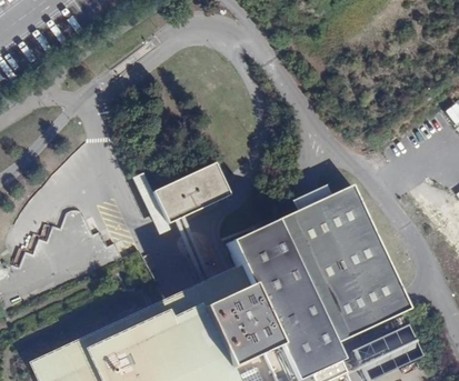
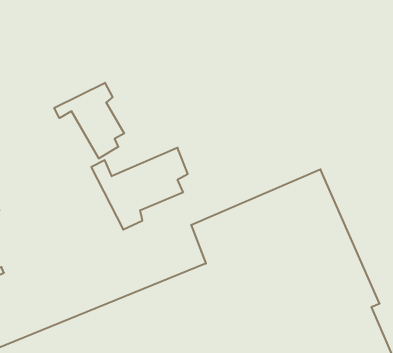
building: none -> [54,83,124,159]

